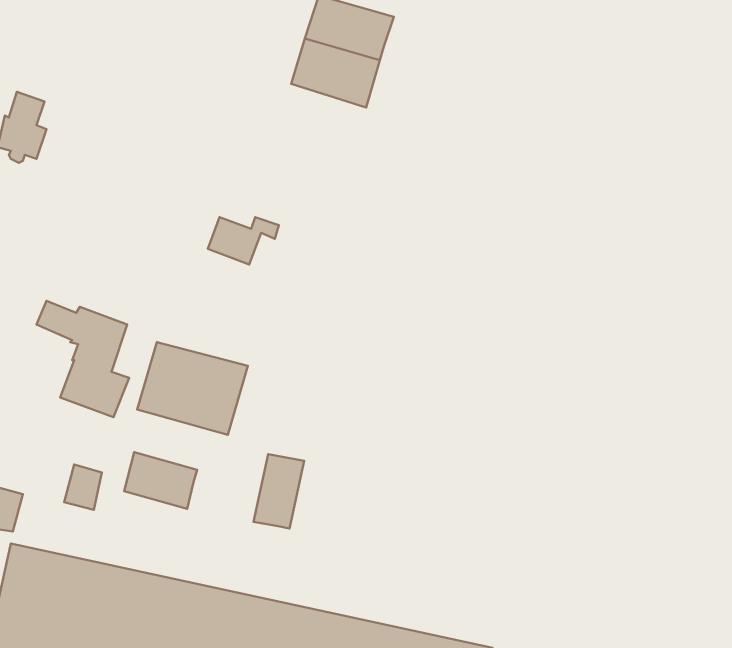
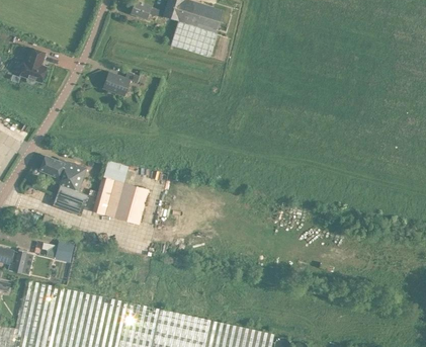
building: [208,217,279,264] -> [101,73,138,97]
building: [124,452,197,509] -> none
building: [253,454,304,529] -> none

